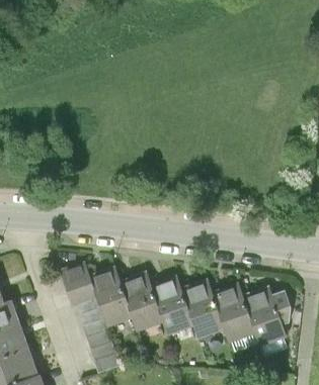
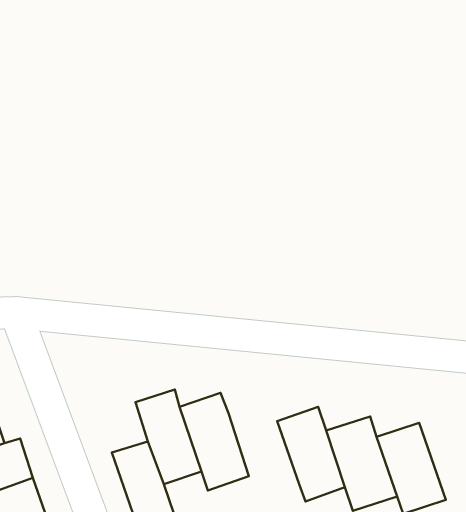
building: [60,260,97,308] -> none
building: [149,274,194,338] -> none

